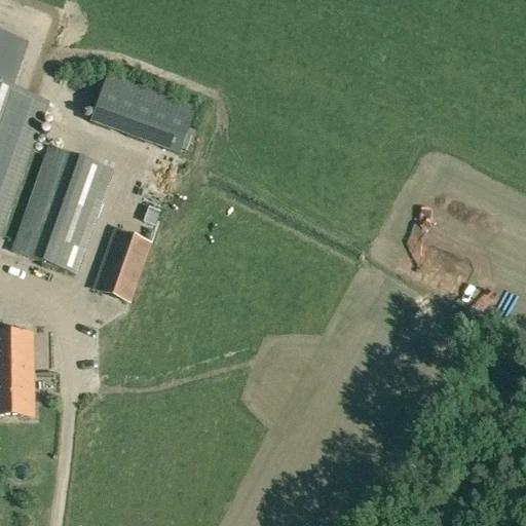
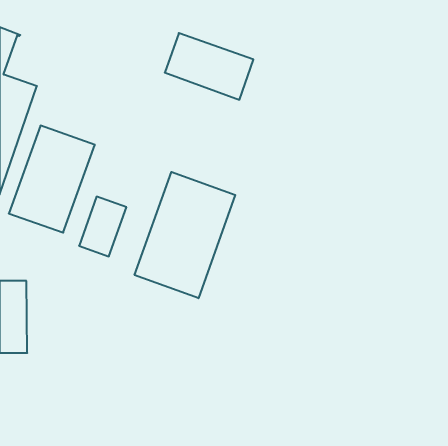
building: [89,73,193,151] -> [165,33,253,100]
building: none -> [135,172,235,298]

